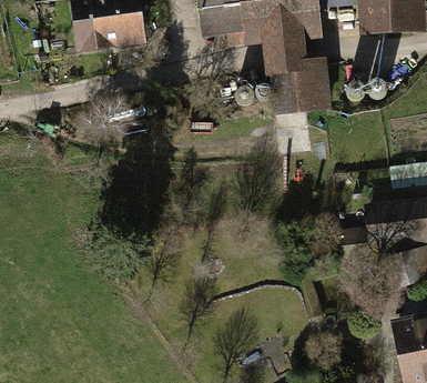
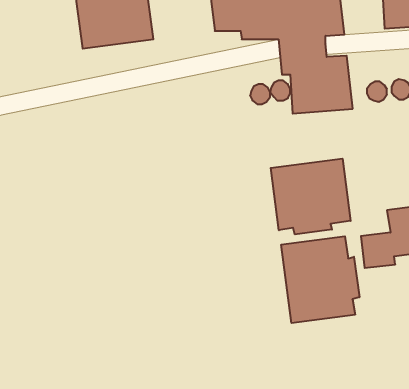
building: none -> [271,159,351,234]
building: none -> [281,236,359,323]

